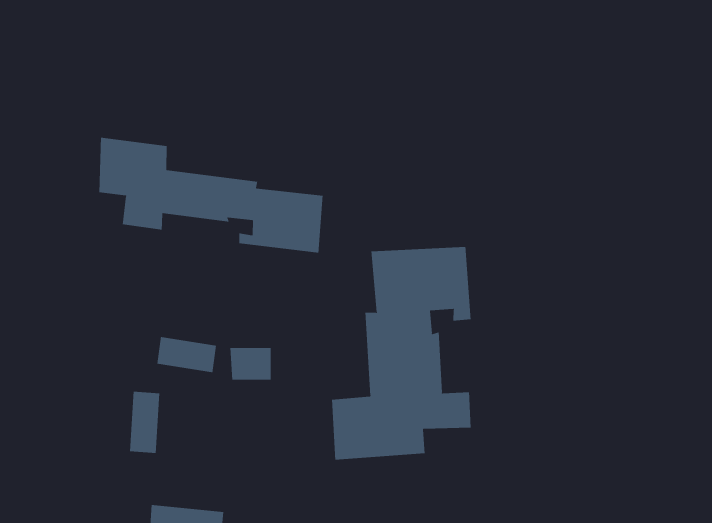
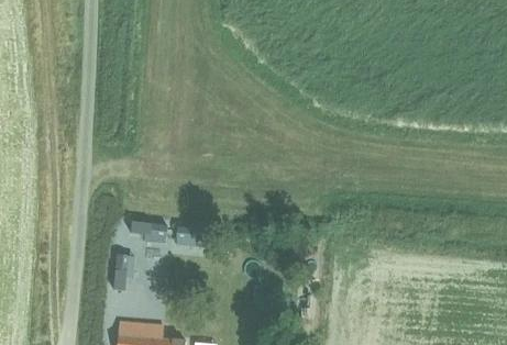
building: [99,137,323,253] -> none
building: [331,246,471,461] -> none

